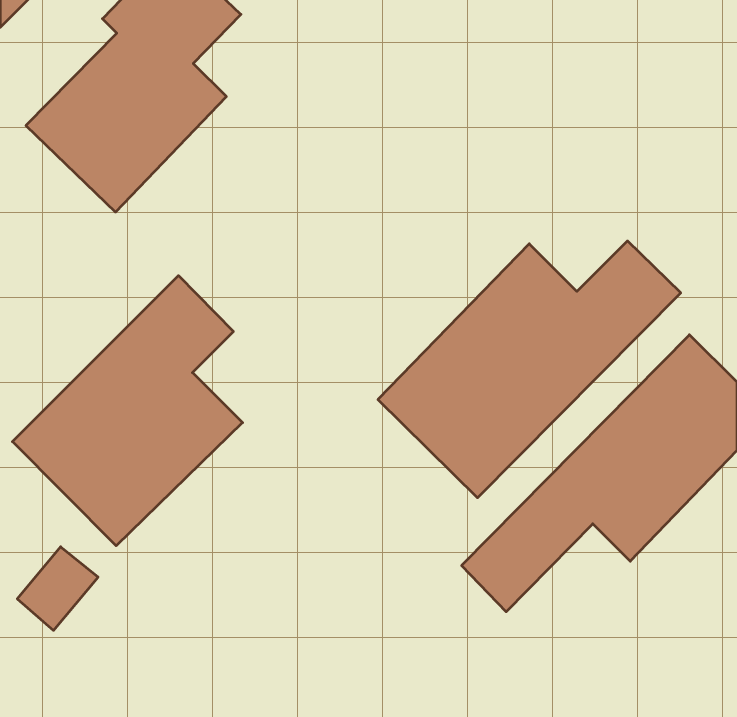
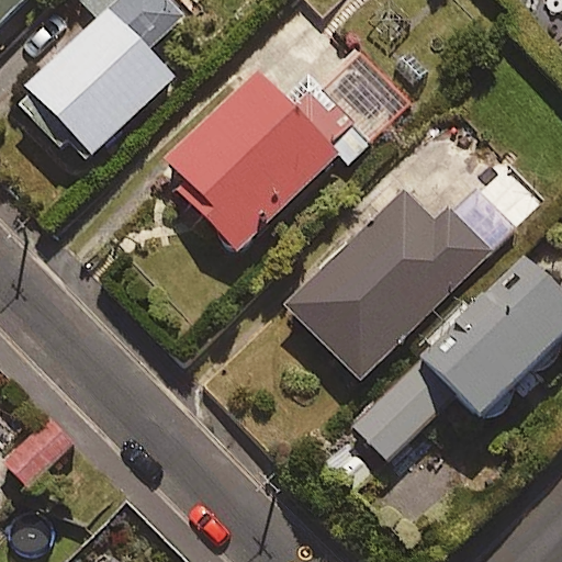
building: none -> [159,57,398,250]
building: [12,276,243,546] -> none

